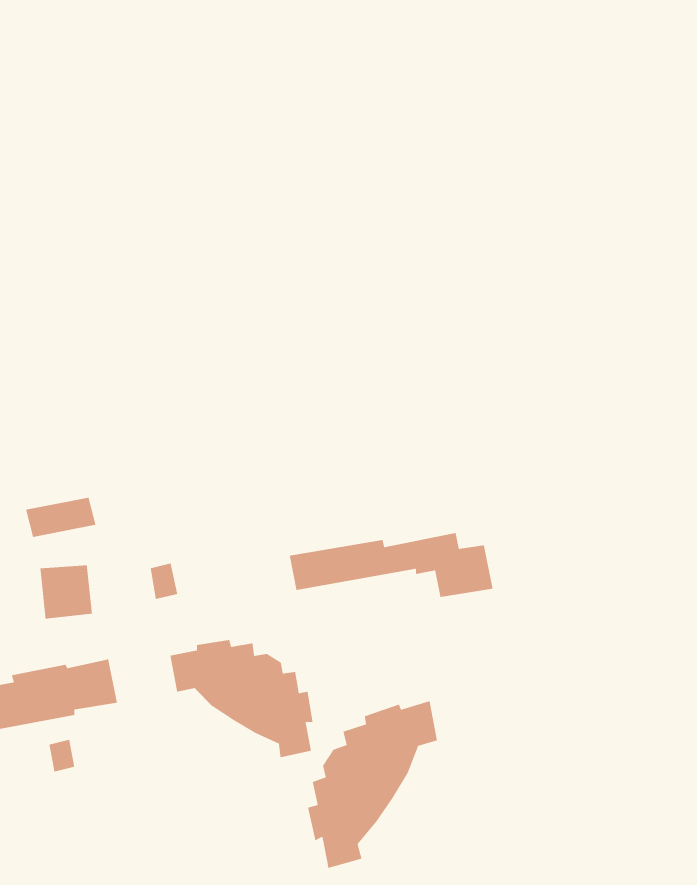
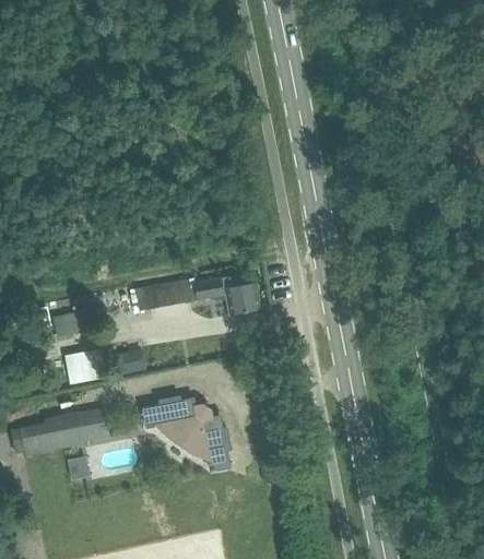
building: [289,532,493,598] -> [137,273,262,313]
building: [307,700,438,869] -> none

